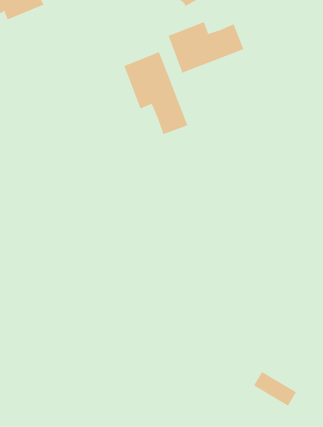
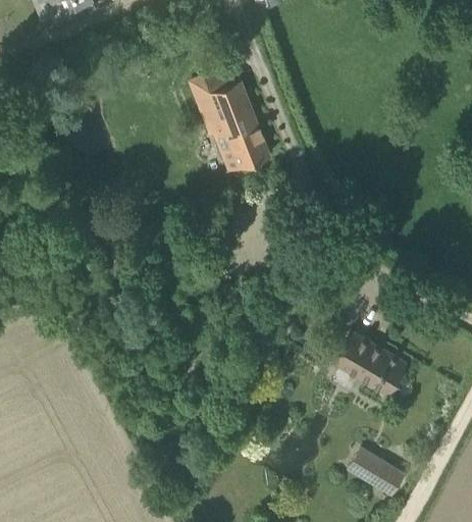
building: [168,21,244,73] -> none
building: none -> [331,330,406,395]

